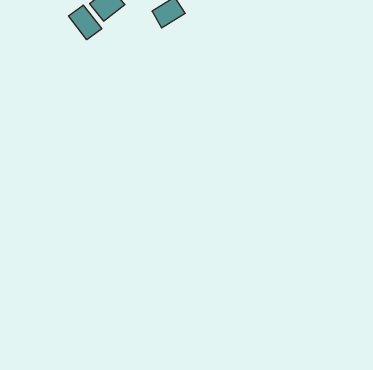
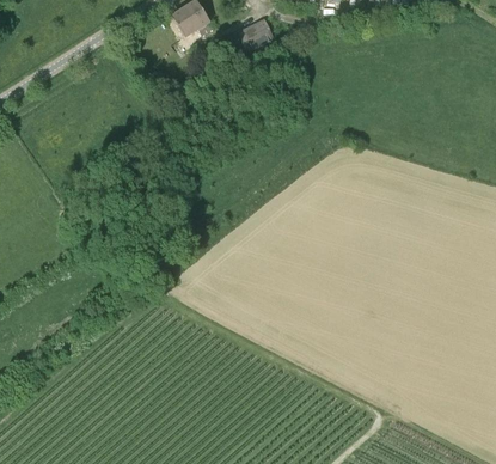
building: [68,5,102,40] -> none

